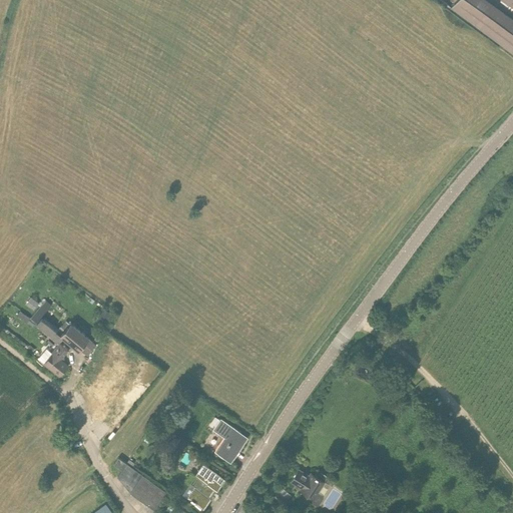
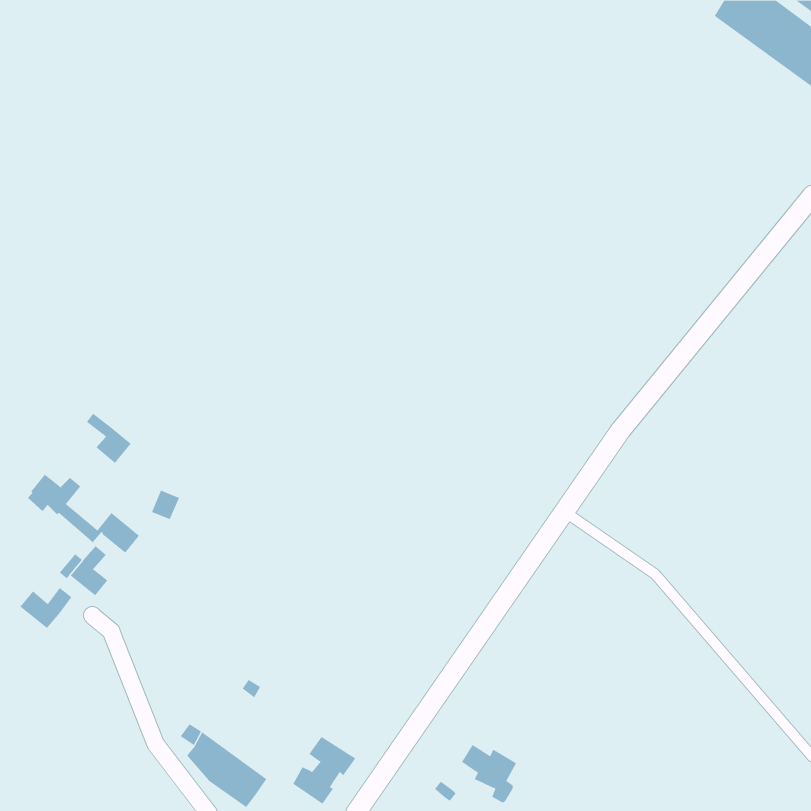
building: none -> [86,413,132,464]
building: none -> [20,587,72,629]
building: [213,419,247,461] -> none

